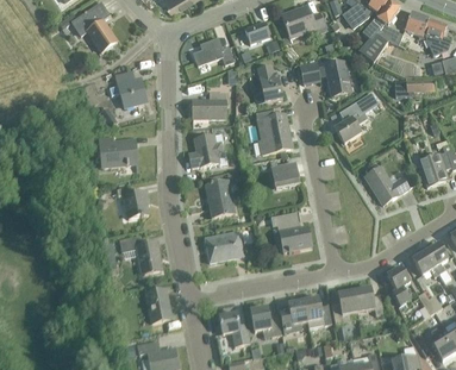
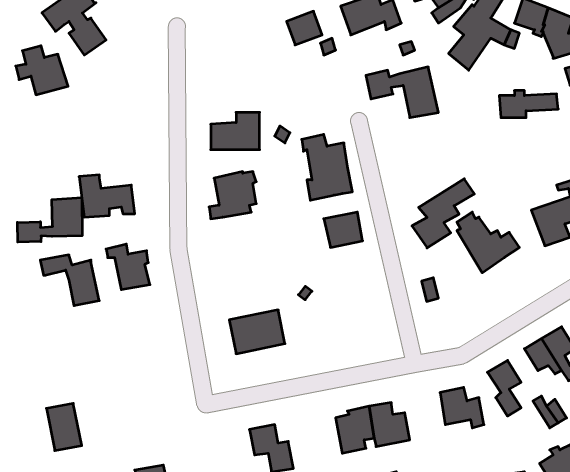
building: [193,38,233,65] -> none
building: [256,64,281,102] -> none
building: [110,71,146,106] -> [16,46,68,95]
building: [333,93,377,142] -> [412,179,474,248]
building: none -> [17,198,82,242]
building: [204,180,235,217] -> none
building: [271,212,311,250] -> none
building: [119,237,161,272] -> [40,255,99,306]
building: [145,288,170,321] -> [46,403,82,451]
building: [331,289,356,321] -> none
building: [250,306,281,337] -> none

